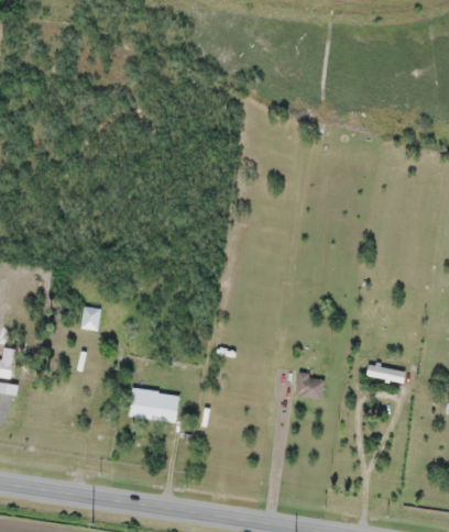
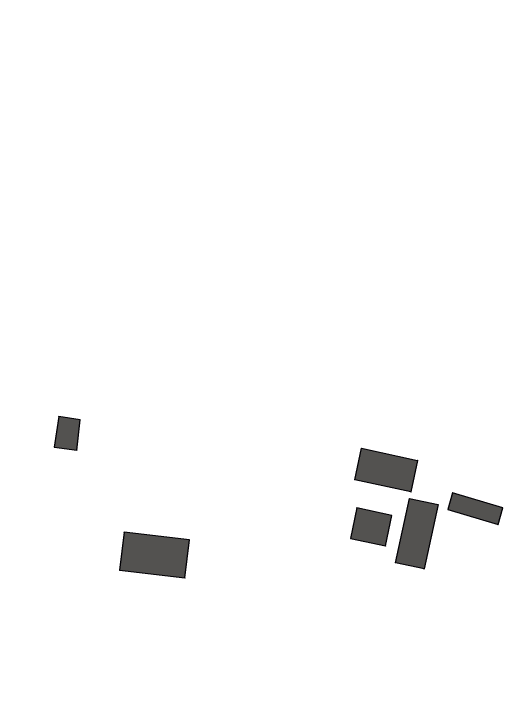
building: none -> [355,448,418,492]
building: none -> [395,499,438,569]

